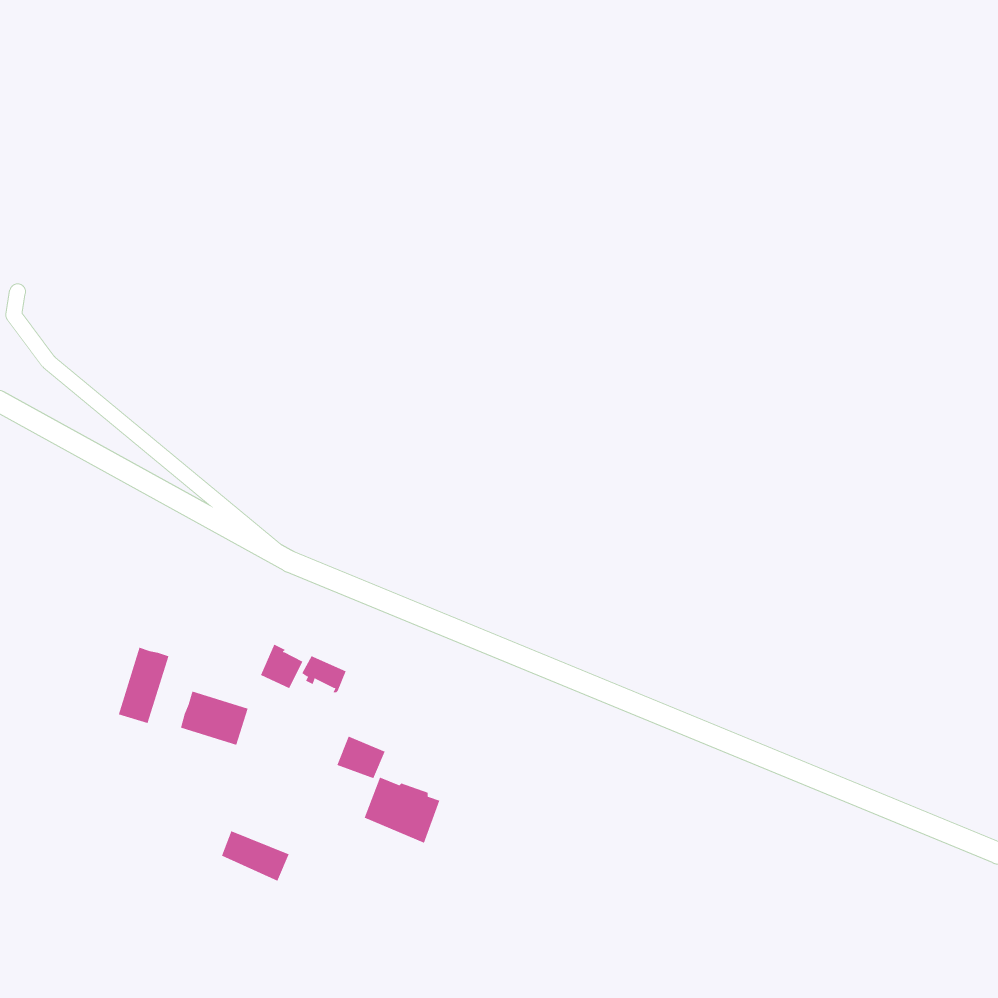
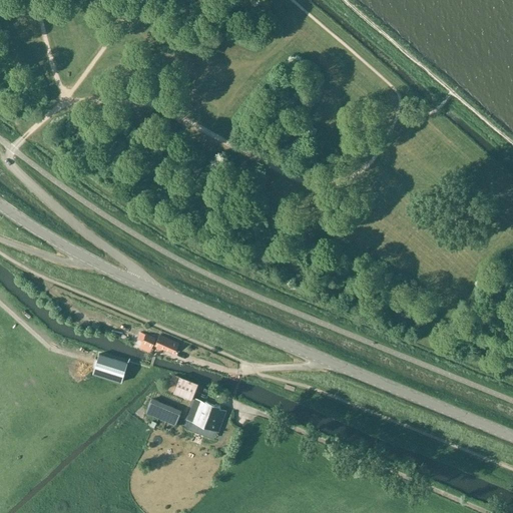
building: [118,647,169,724] -> none
building: [221,831,290,881] -> [145,400,180,426]

